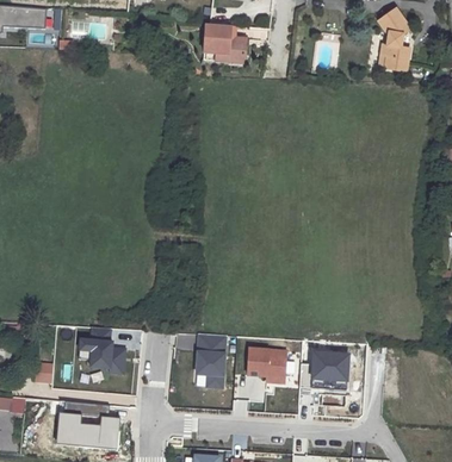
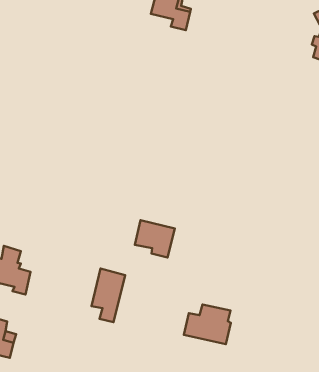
building: [247,348,286,382] -> [135,220,175,257]

